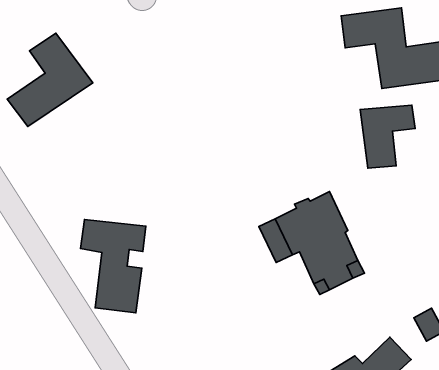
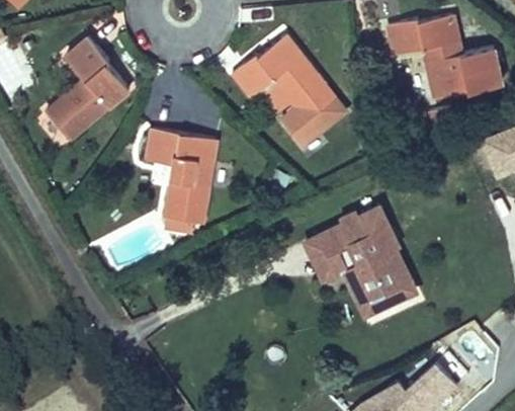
building: none -> [231,29,349,144]
building: [360,105,415,168] -> none
building: [81,220,146,313] -> [147,131,214,228]

